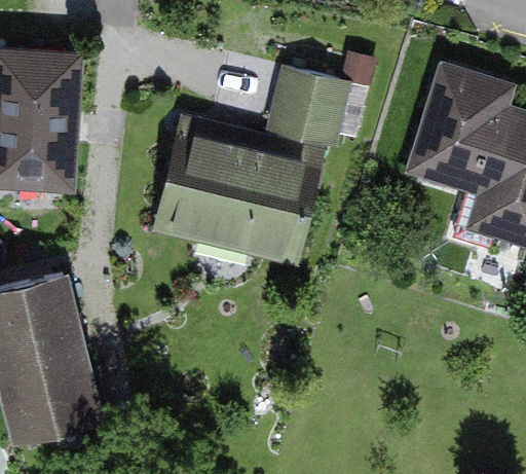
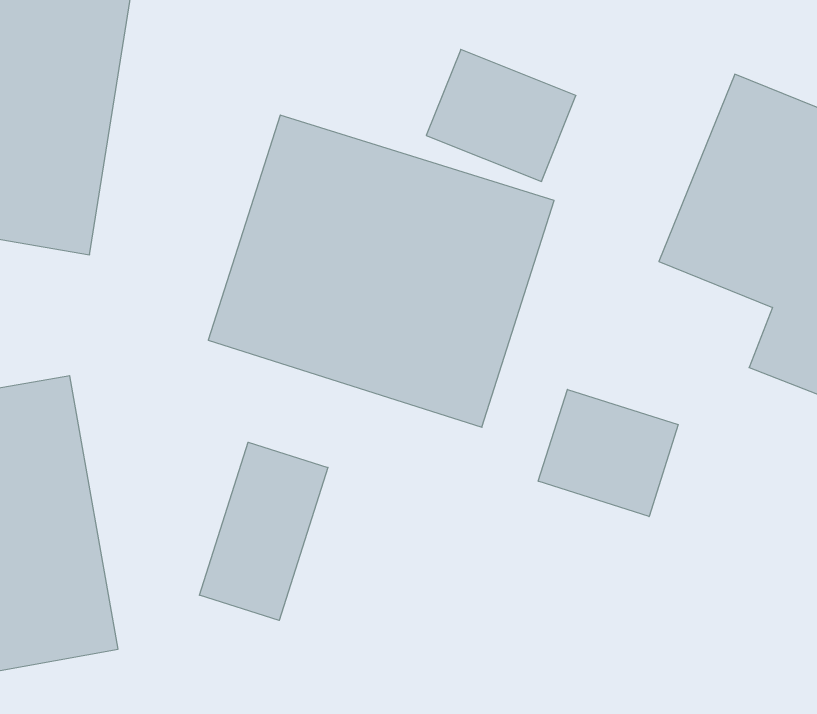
building: none -> [538,389,678,517]
building: none -> [199,442,328,620]

